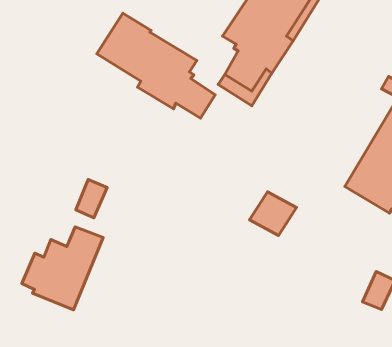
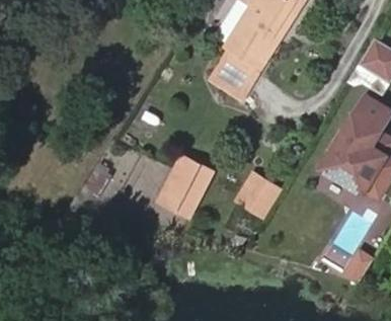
building: [97,13,215,118] -> none
building: none -> [159,157,214,218]
building: [22,227,103,310] -> none

